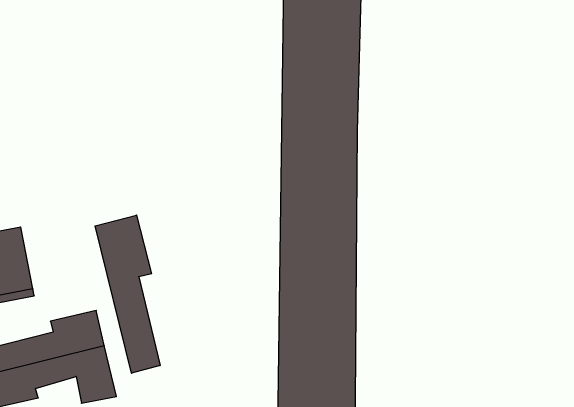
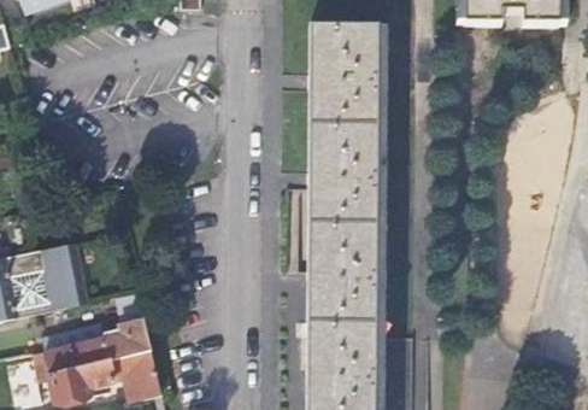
building: [95,215,160,373] -> none

